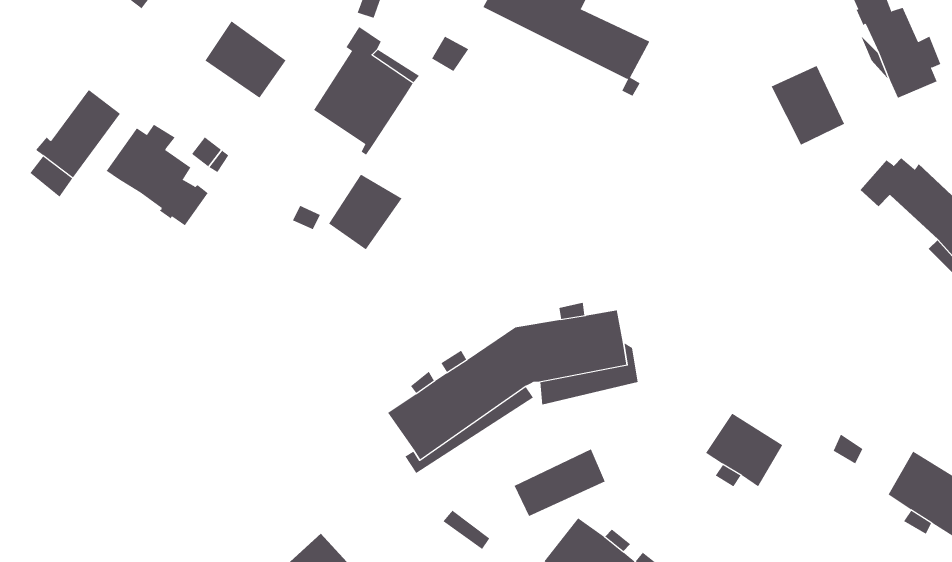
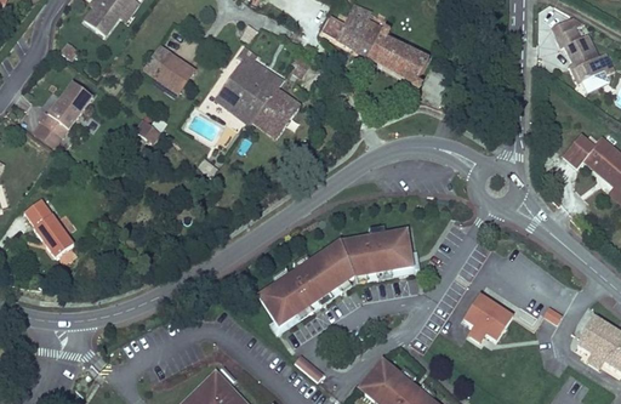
building: [771,65,845,145] -> none
building: [106,124,209,226] -> none
building: [328,174,402,250] -> [251,90,298,138]
building: none -> [23,205,78,262]
building: [514,449,605,517] -> none

